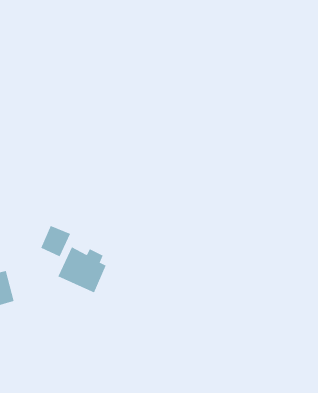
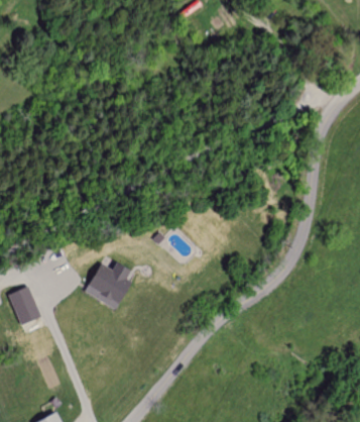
building: [41,225,71,257] -> none

